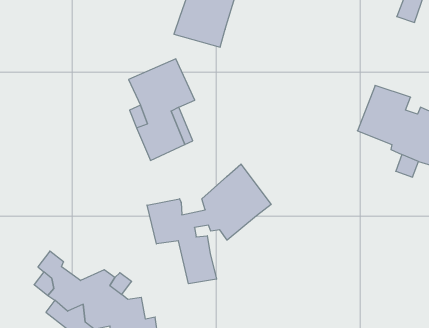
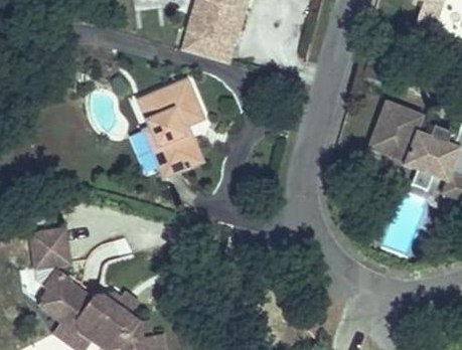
building: [147,164,271,284] -> none
building: none -> [28,229,69,270]

